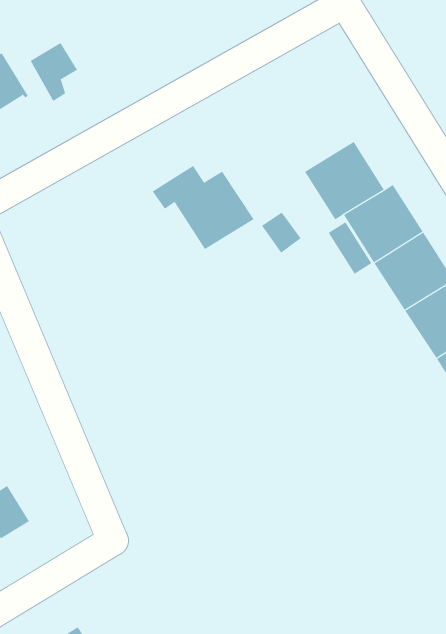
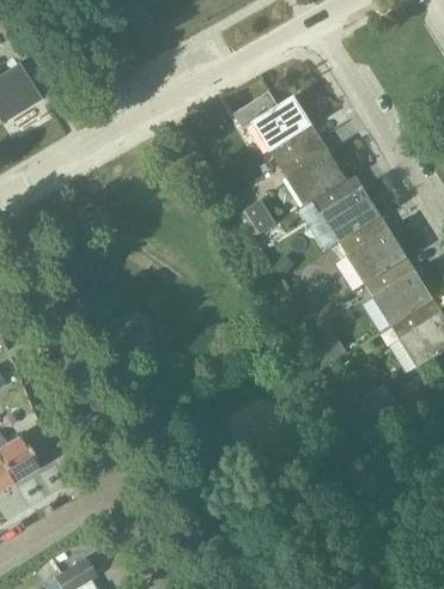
building: [30,42,78,102] -> none
building: [152,165,254,250] -> [232,91,321,164]

